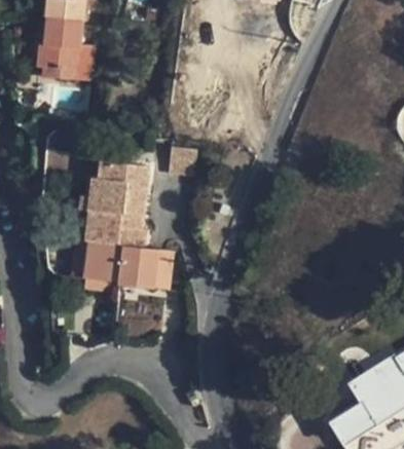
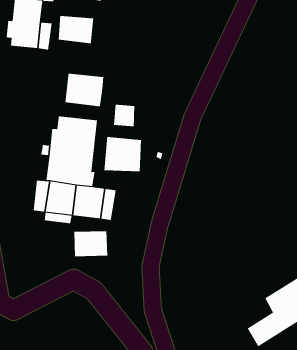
building: none -> [58,15,94,44]
building: none -> [65,73,104,107]
building: none -> [104,136,141,172]

